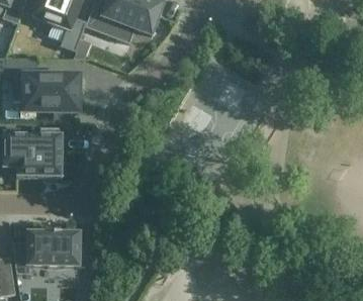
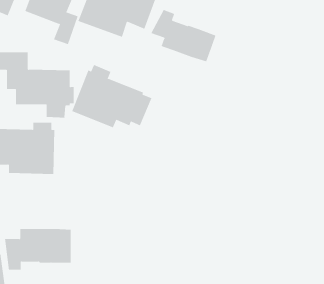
building: none -> [151,9,216,62]
building: none -> [72,64,152,128]

